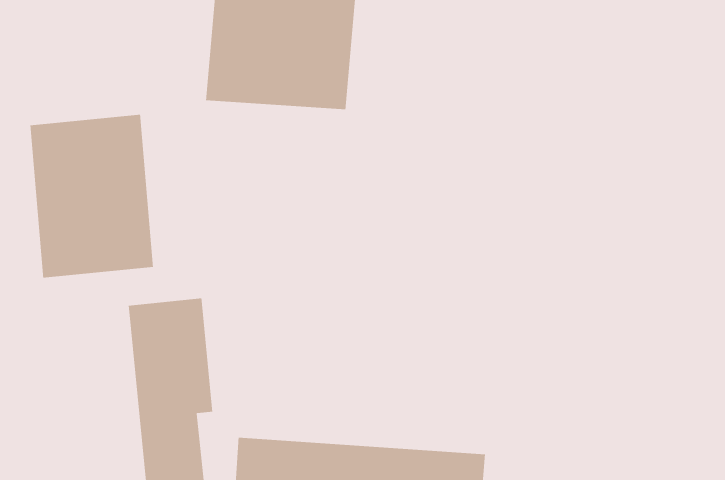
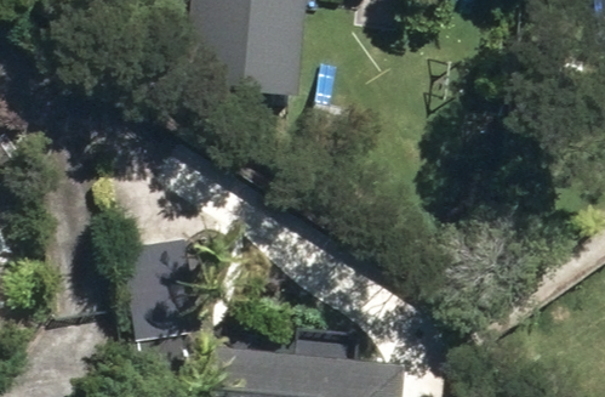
building: [29,114,154,279] -> none

